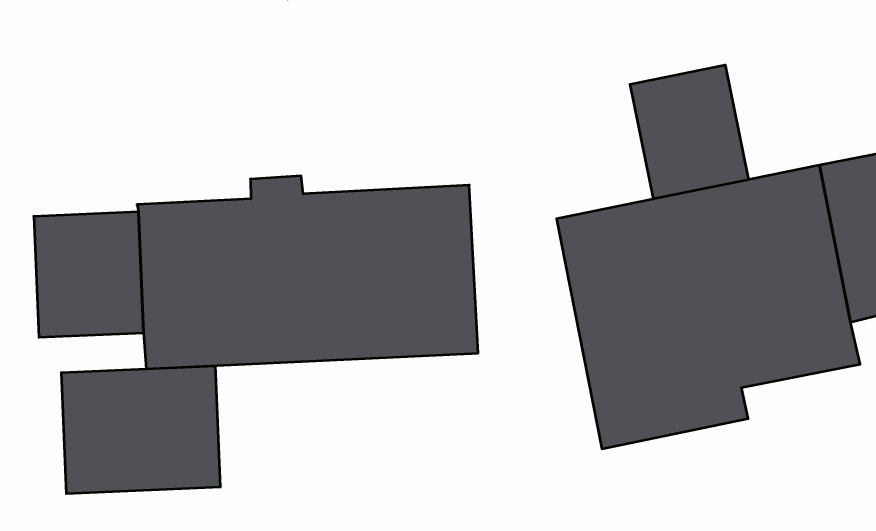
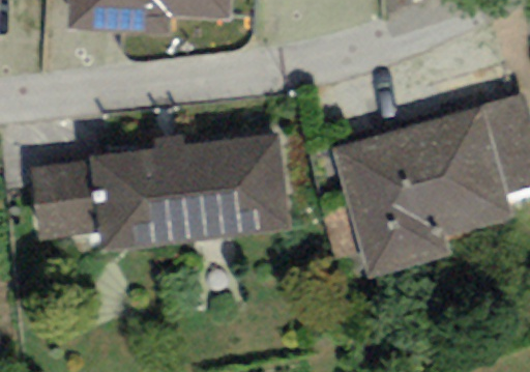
building: [630,65,748,199] -> none
building: [61,366,220,494] -> none

